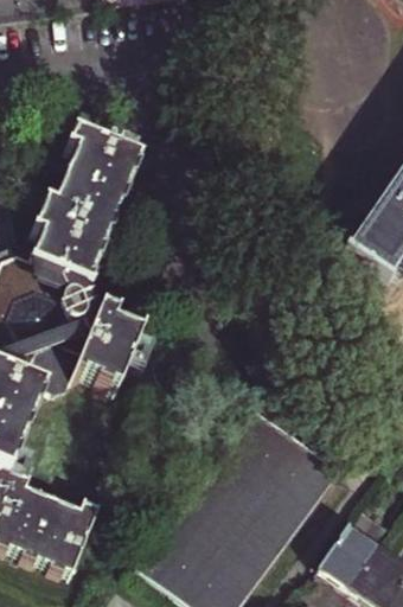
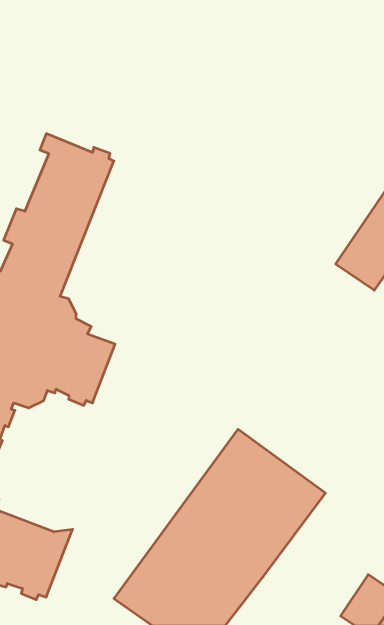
building: [321,528,379,588] -> none

